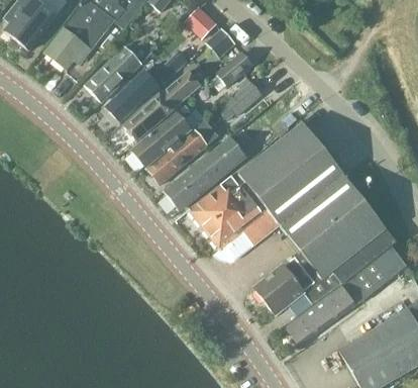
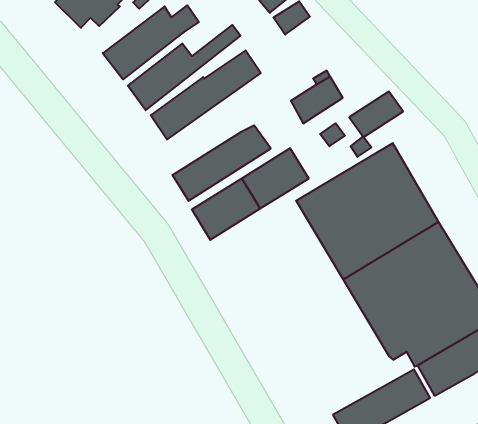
building: [217,51,255,86] -> [349,92,403,137]
building: [134,105,193,166] -> none
building: [192,171,280,262] -> none
building: [256,252,340,313] -> none

